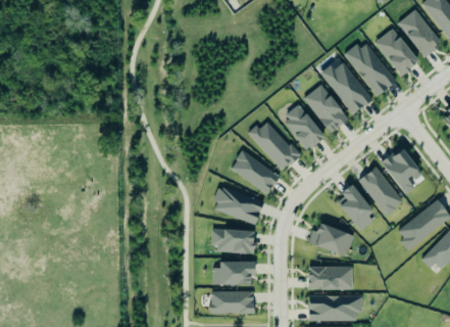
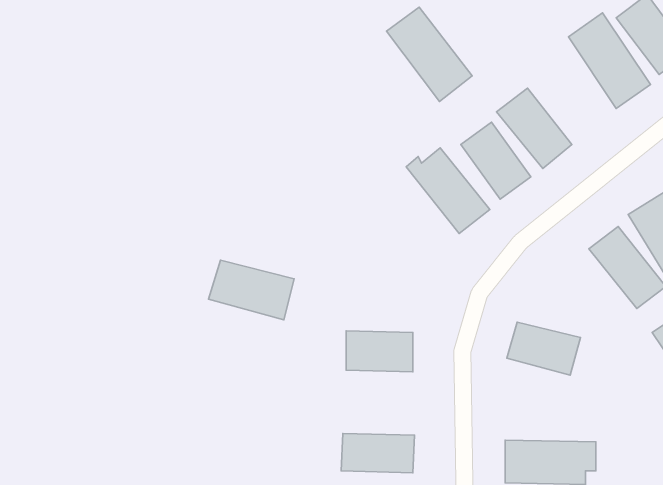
building: [321,58,372,114] -> [387,7,472,101]
building: [230,149,280,194] -> none
building: [334,186,377,231] -> none
building: [212,187,263,223] -> [209,260,294,320]
building: [212,263,254,285] -> none
building: [308,266,353,290] -> none

